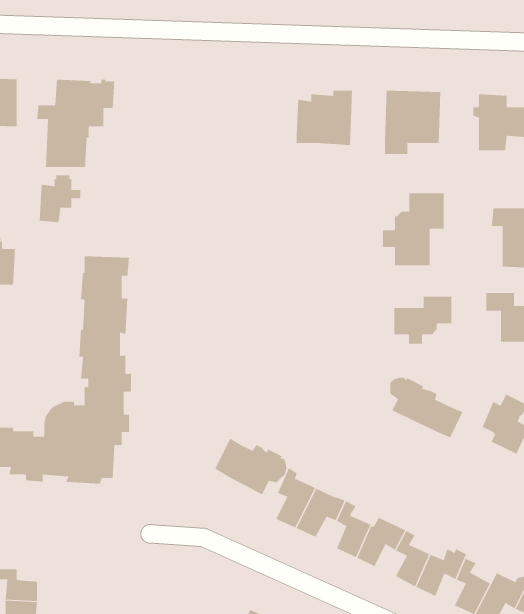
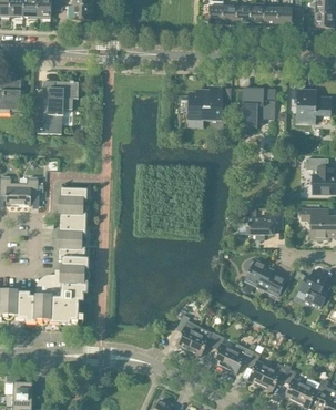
building: [39,175,81,223] -> [18,176,43,205]
building: [383,193,444,266] -> none
building: [214,438,287,495] -> none

